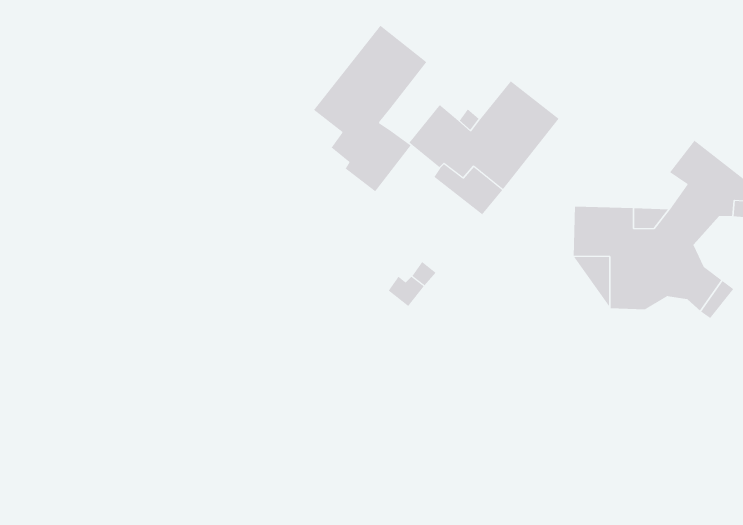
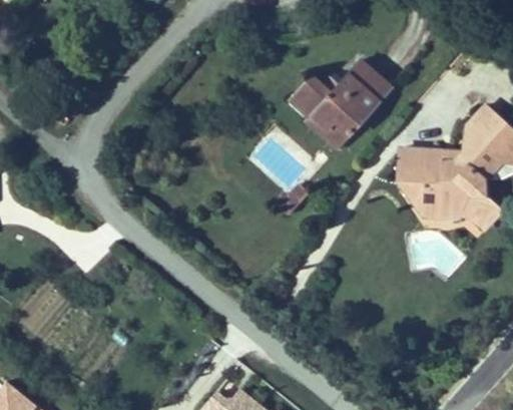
building: [313,25,427,192] -> none

